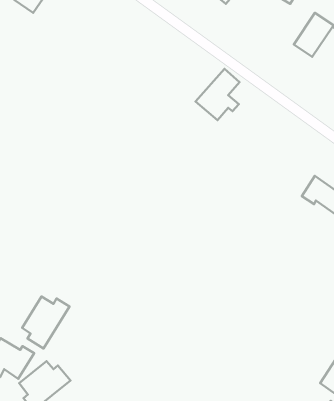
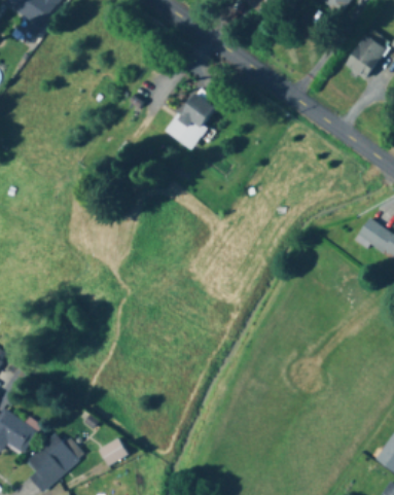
building: [195,69,240,120] -> [164,91,215,150]
building: [22,297,70,349] -> none
building: none -> [99,437,128,465]

